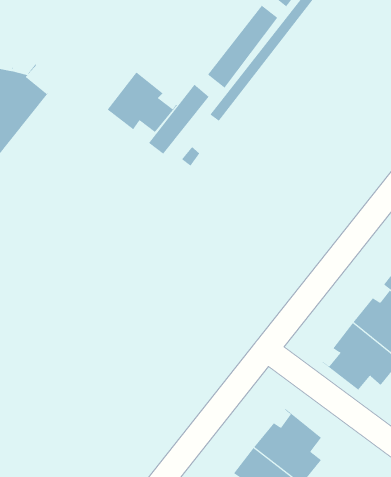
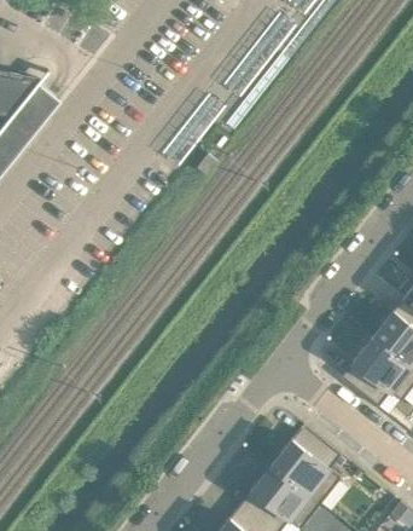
building: [107,72,178,133] -> none

